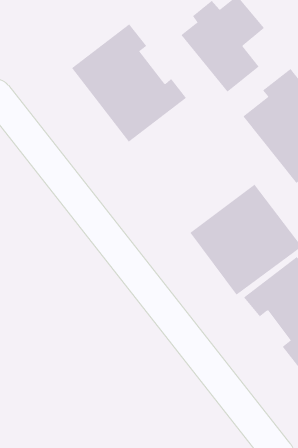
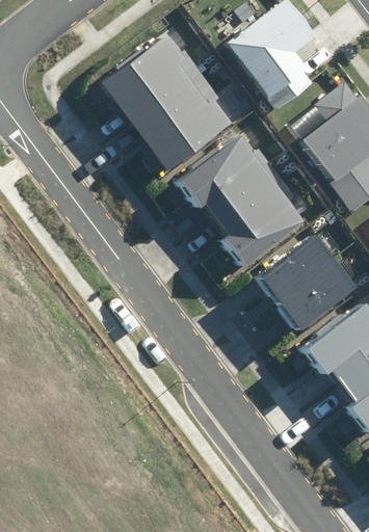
building: none -> [166,124,313,275]

